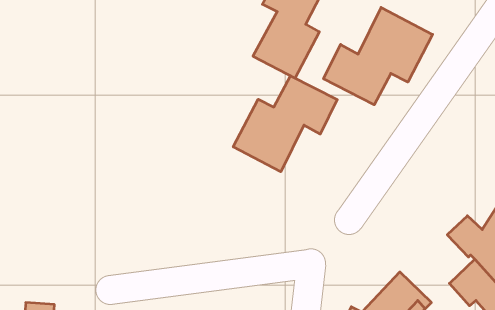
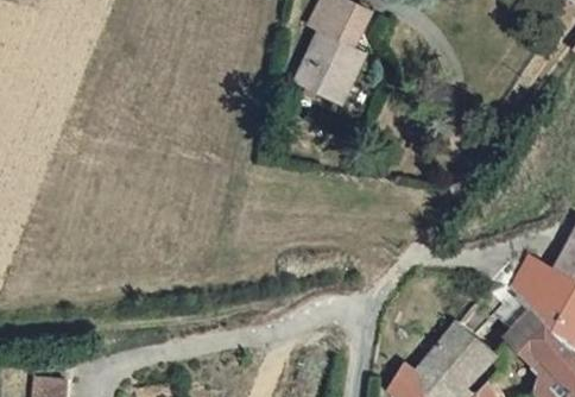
building: [324,7,433,105] -> none
building: [233,76,337,172] -> none

